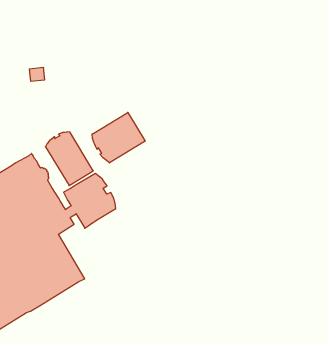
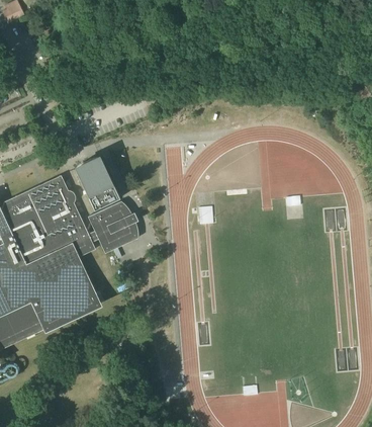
building: [92,112,145,163] -> none

